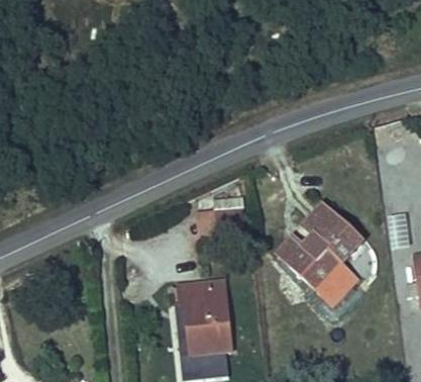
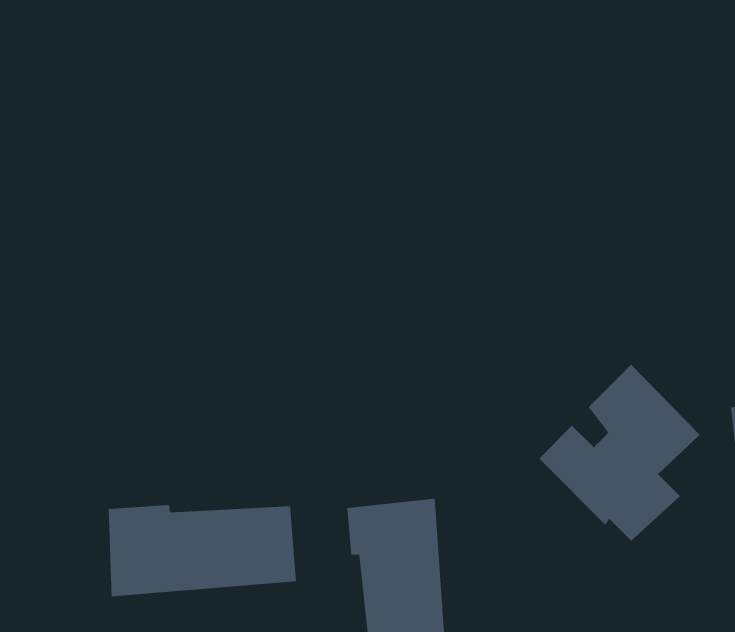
building: none -> [108,504,297,597]

